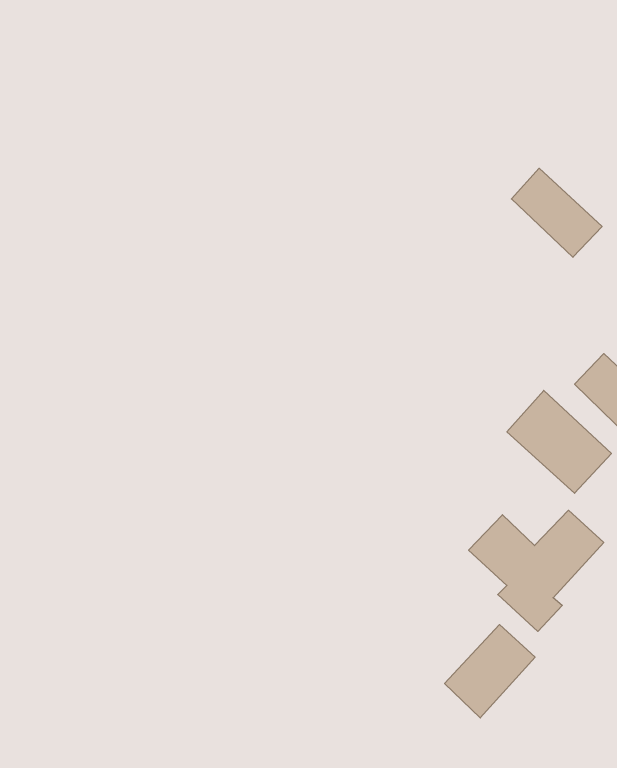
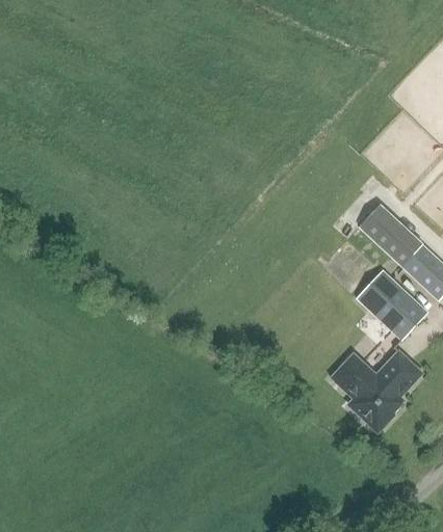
building: [511,168,602,257] -> [360,205,421,265]
building: [445,625,535,718] -> none

